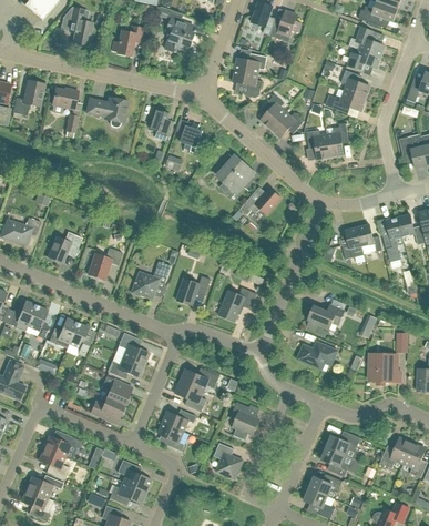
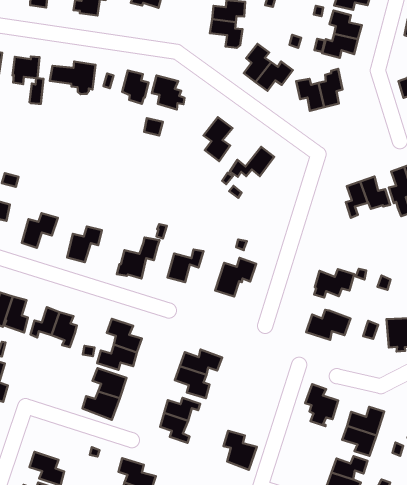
building: [229,401,259,439] -> [305,384,338,426]
building: [43,432,81,458] -> none

